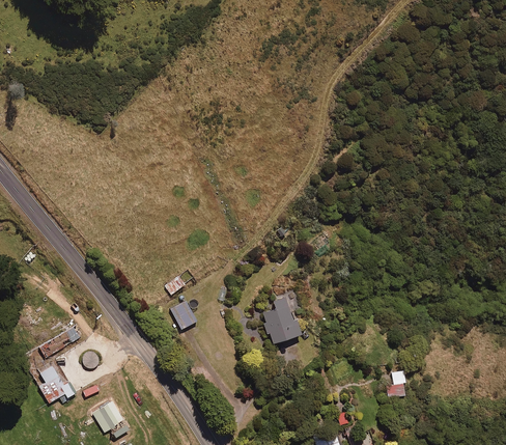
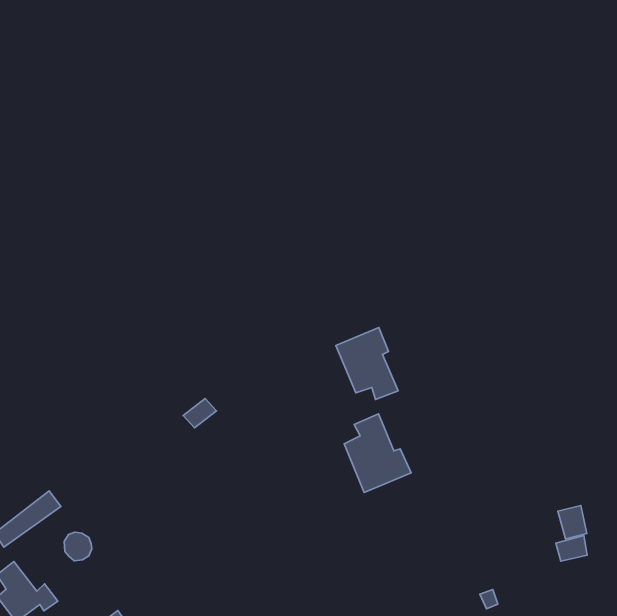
building: none -> [336,327,398,400]
building: [170,300,196,329] -> none

